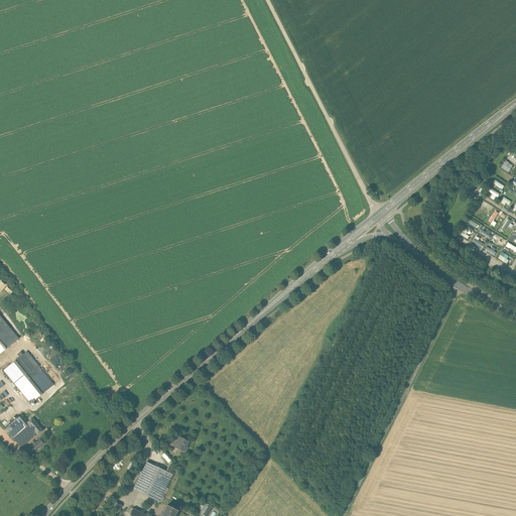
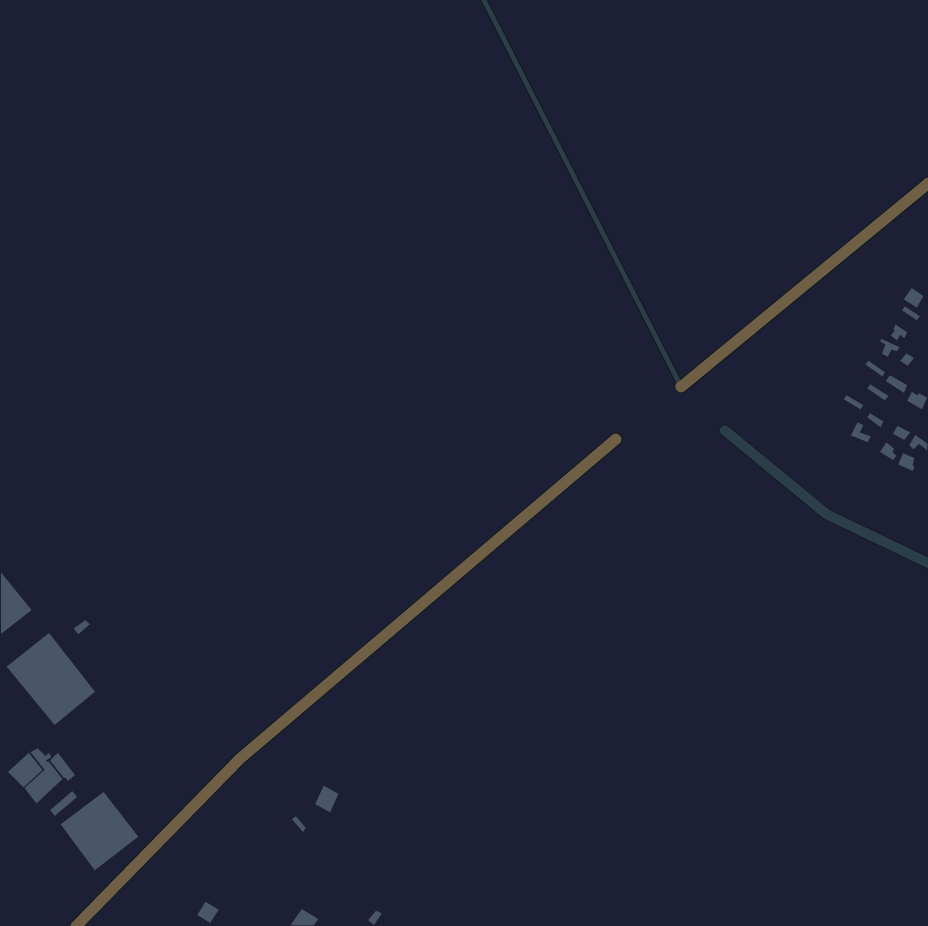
building: none -> [59,791,140,872]
building: [133,461,172,502] -> none

